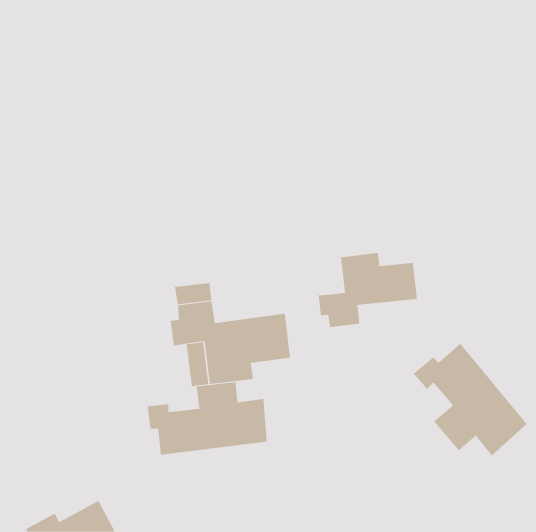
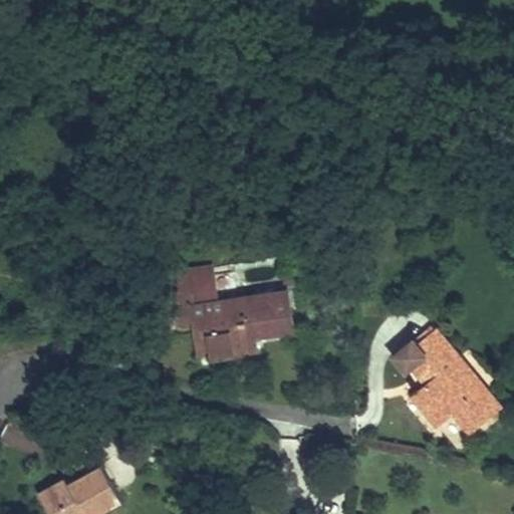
building: [318,252,418,328] -> none
building: [147,382,267,456] -> none

